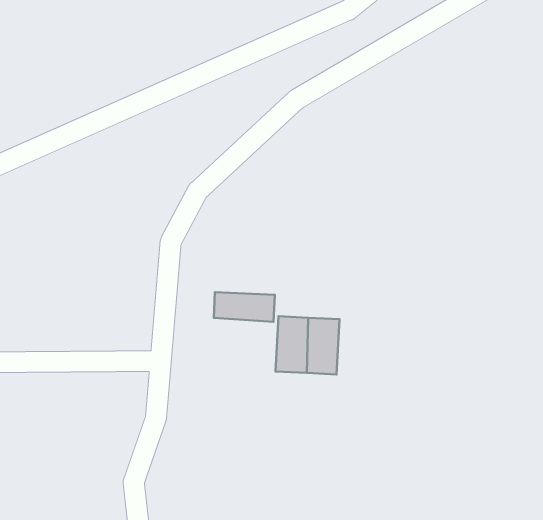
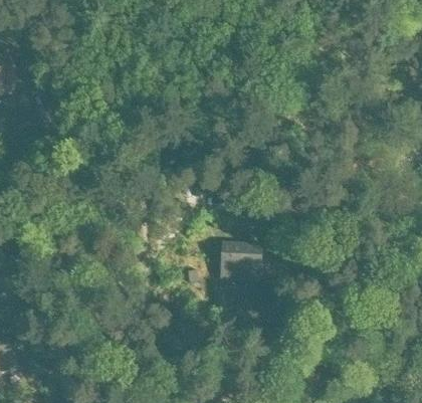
building: [214,292,275,322] -> none

